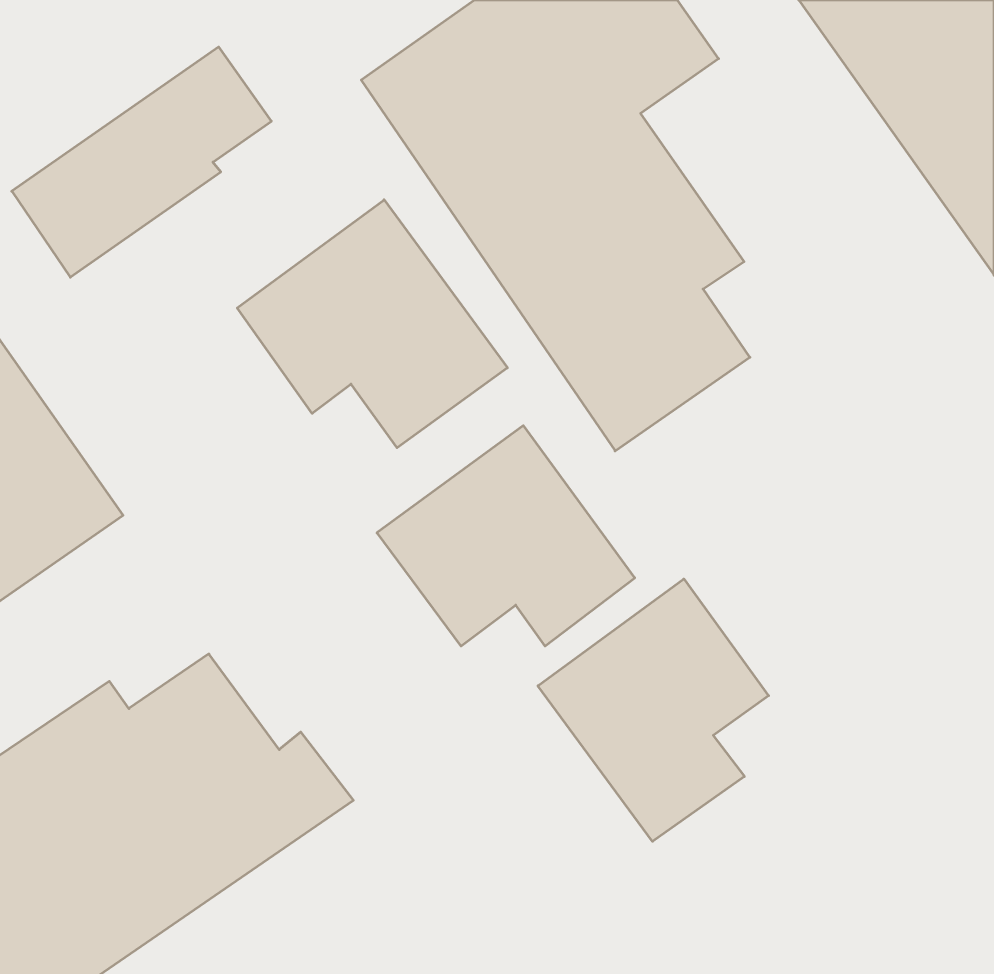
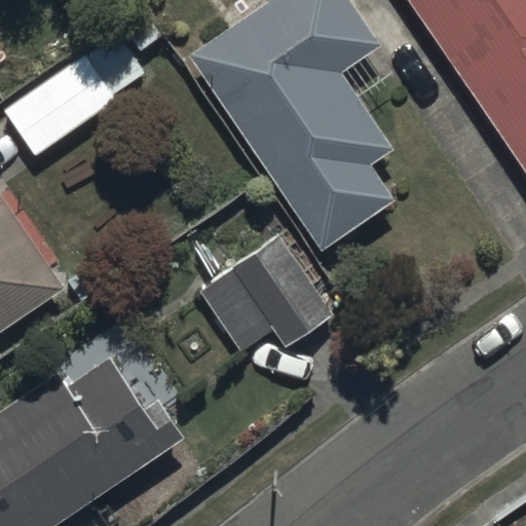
building: [237,200,507,448] -> none
building: [538,579,769,841] -> none

